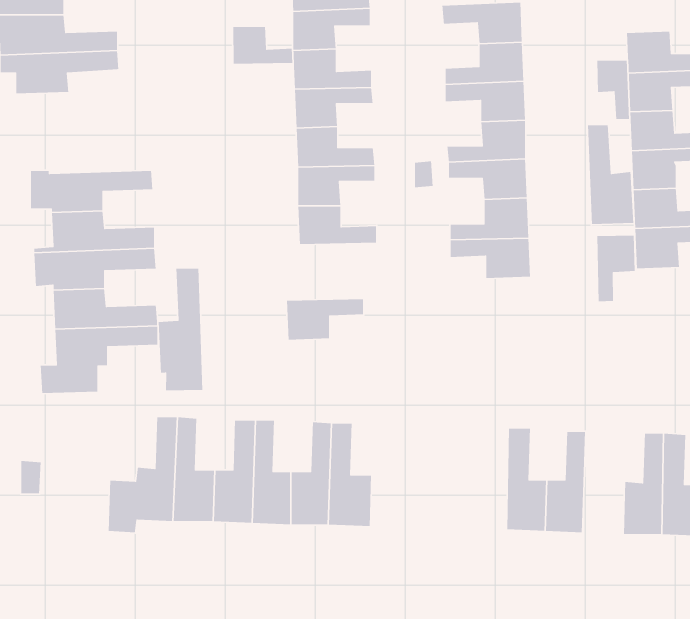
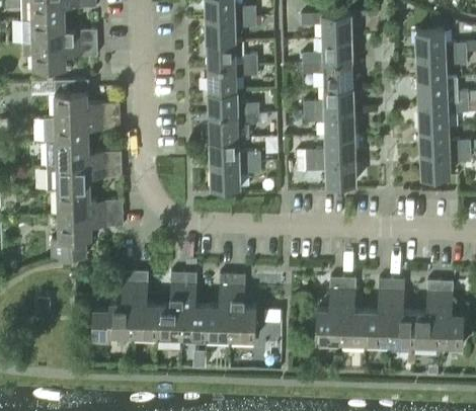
building: [233,26,293,65] -> none
building: [597,60,630,120] -> none
building: none -> [55,81,118,119]
building: [587,124,634,225] -> none
building: [597,235,636,302] -> none
building: [158,268,203,391] -> none
building: [286,298,364,341] -> [211,163,259,189]
building: none -> [316,278,341,342]
building: none -> [388,280,414,345]

